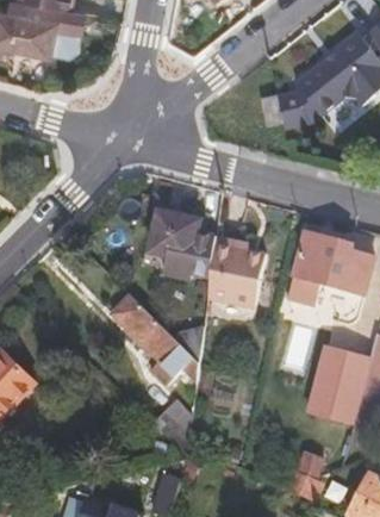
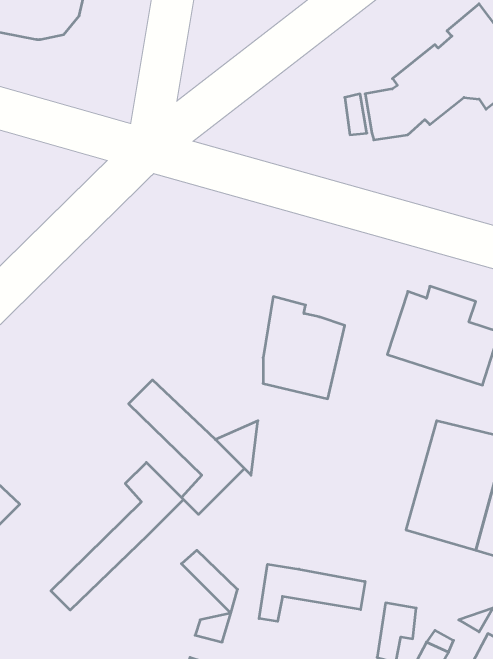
building: [138,211,214,280] -> none
building: none -> [51,462,183,610]
building: none -> [259,564,365,621]

